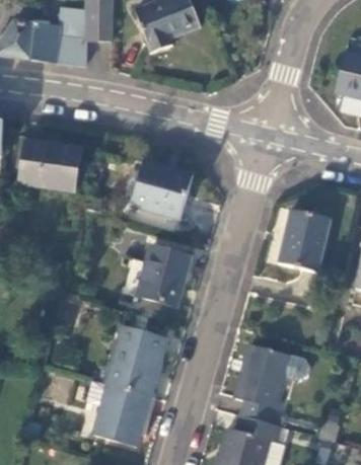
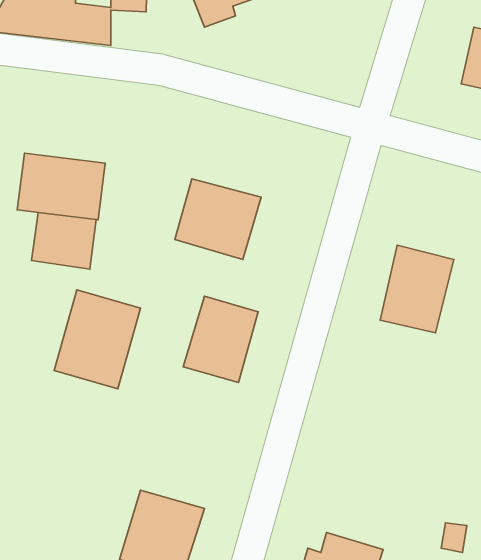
building: none -> [32,212,96,269]
building: [106,327,168,398] -> [54,290,141,389]
building: [234,343,309,428] -> none

